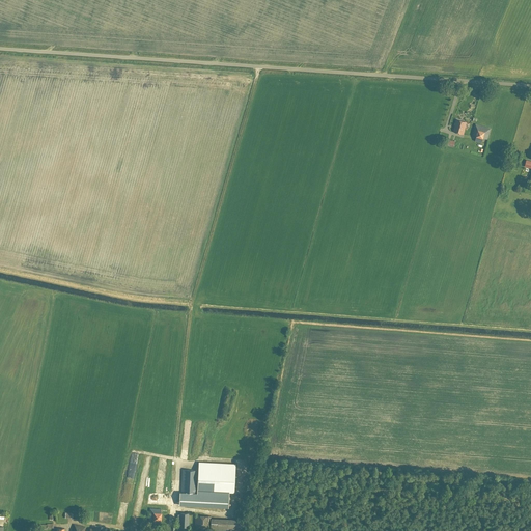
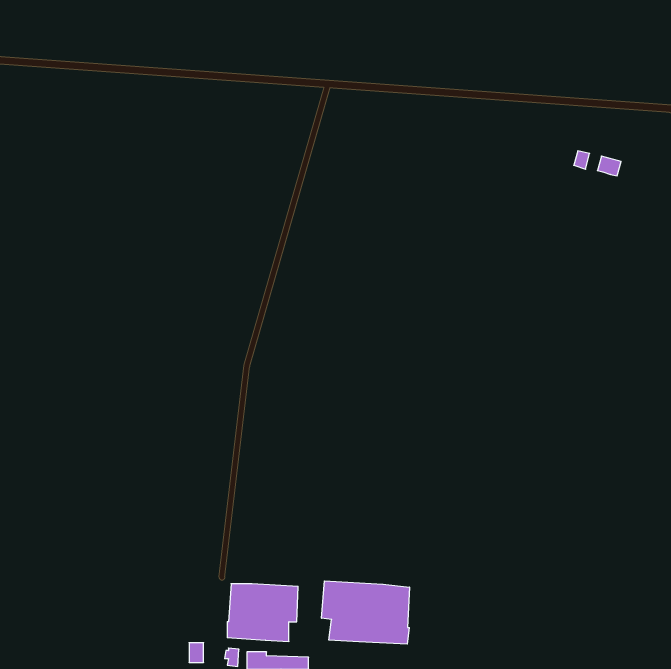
building: none -> [322,581,409,644]

